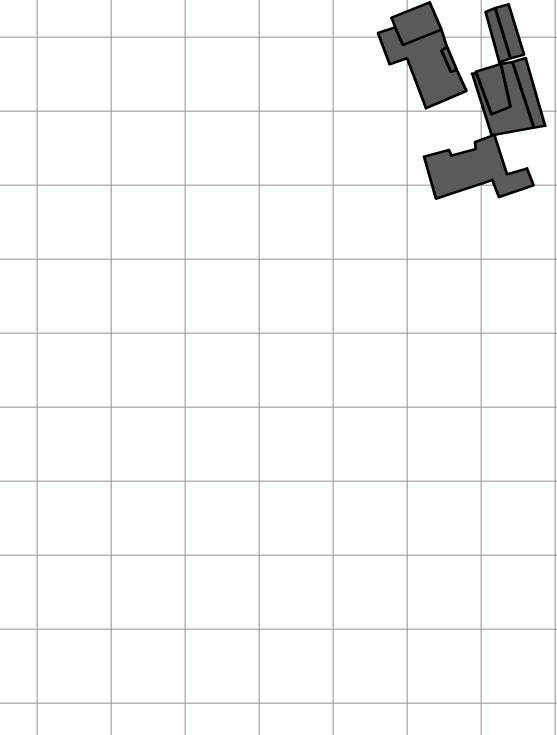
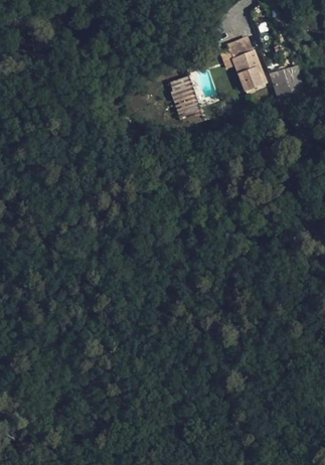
building: none -> [167,75,199,115]
building: [424,135,533,199] -> none

